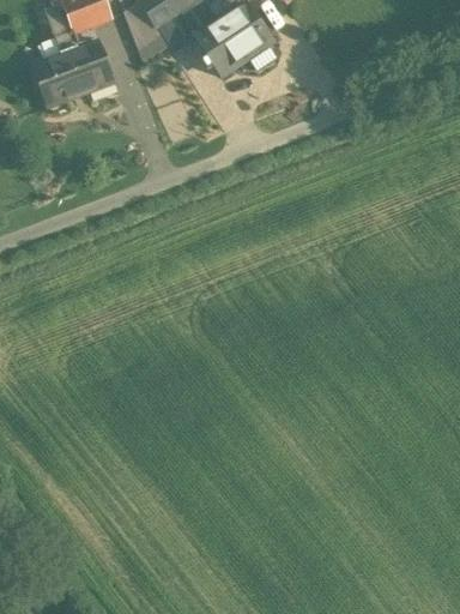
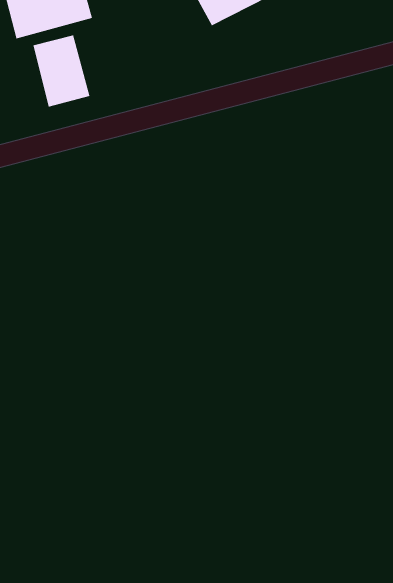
building: none -> [33,35,90,107]

